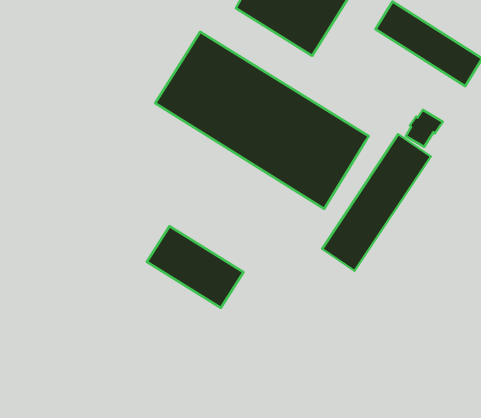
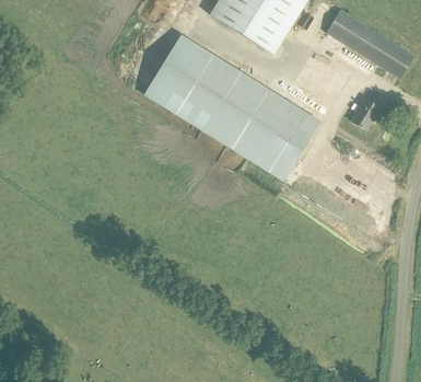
building: [322,134,431,271] -> none
building: [147,226,243,308] -> none

